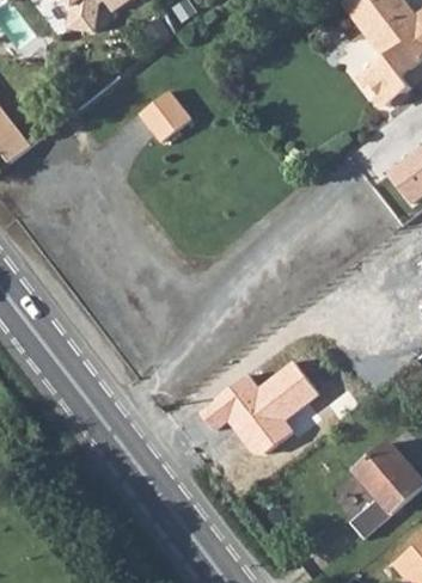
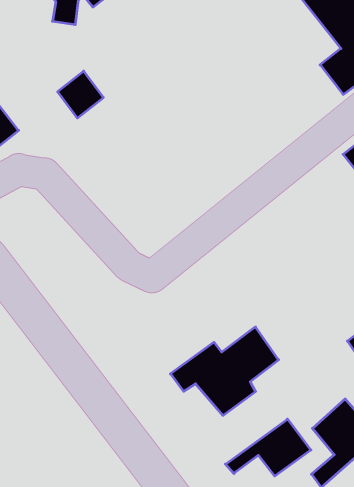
building: [142,91,192,142] -> [58,71,103,118]
building: none -> [225,419,311,476]

